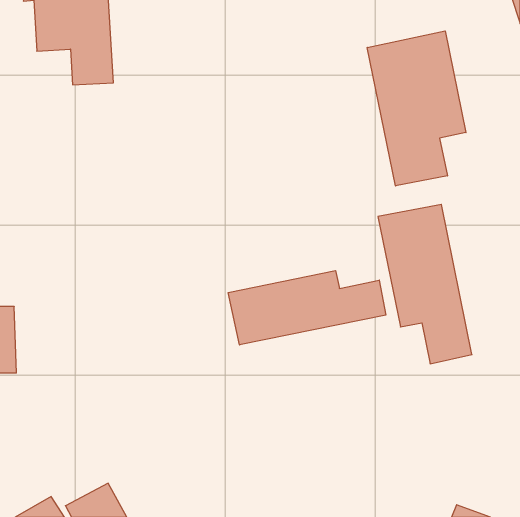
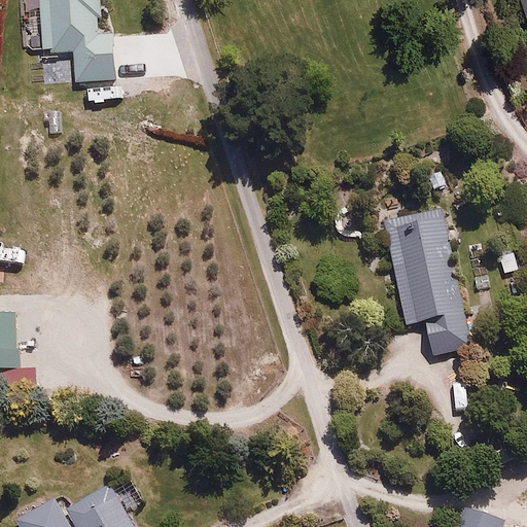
building: [367,31,466,186] -> none
building: [228,271,386,345] -> none

